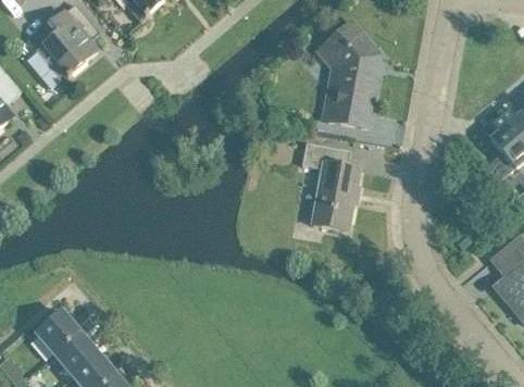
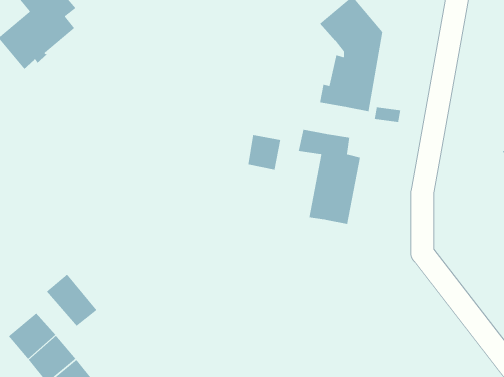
building: none -> [247,134,281,170]
building: none -> [46,274,97,327]

